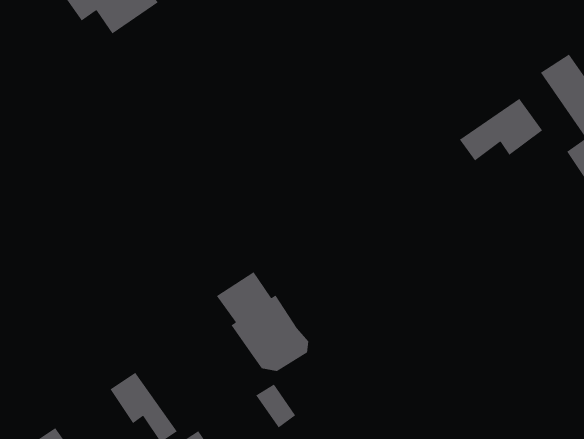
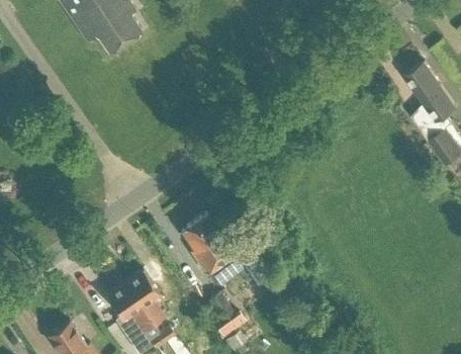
building: [459,98,543,161] -> none
building: none -> [124,270,165,325]

